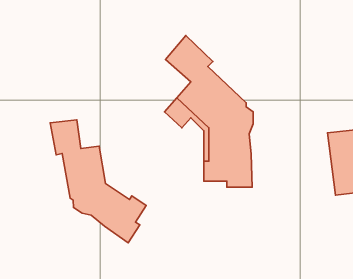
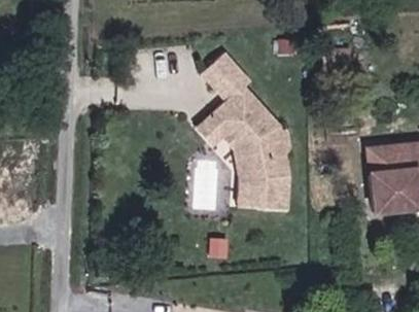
building: [50,120,146,243] -> none

